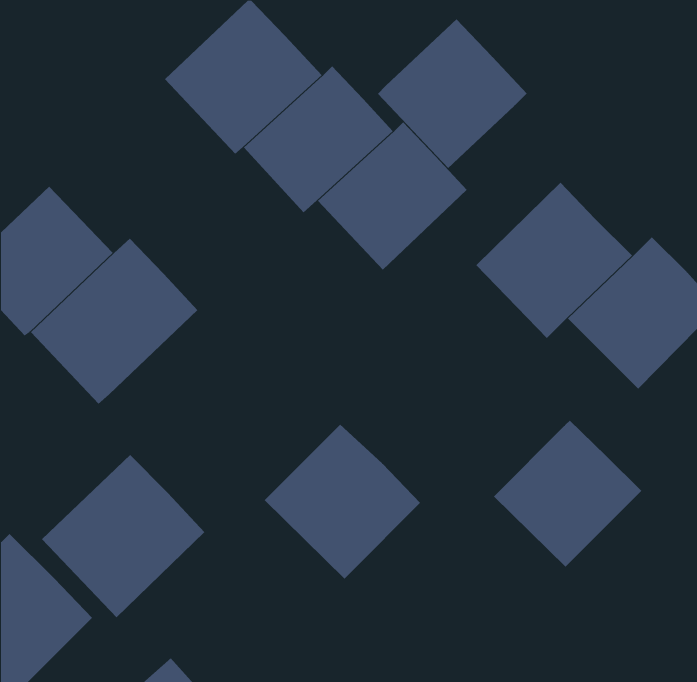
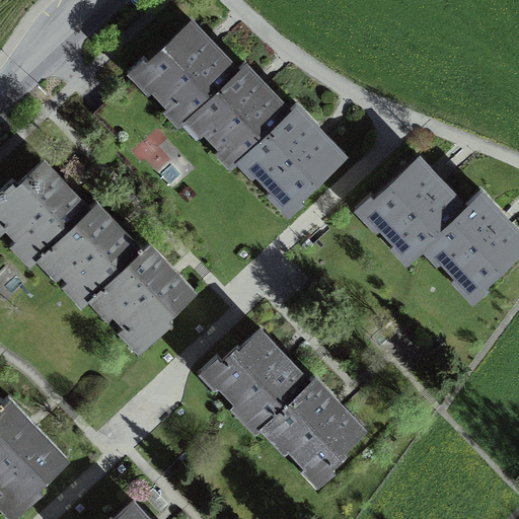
building: [377,19,527,169] -> none
building: [493,420,642,567] -> [261,381,371,491]
building: [41,454,205,618] -> [82,242,204,364]

